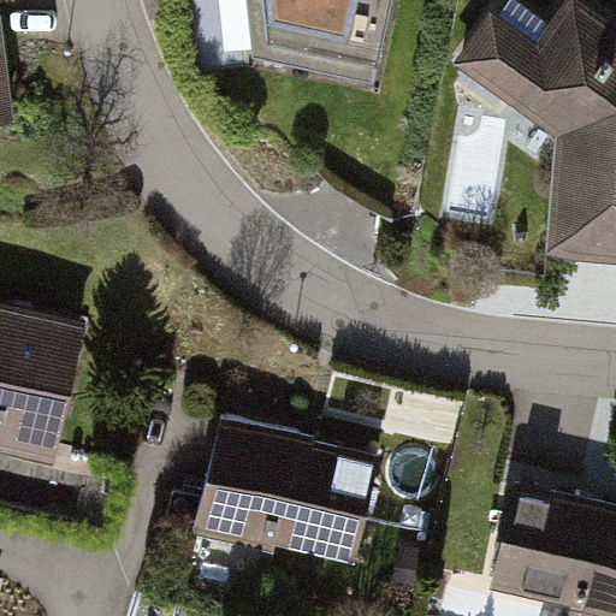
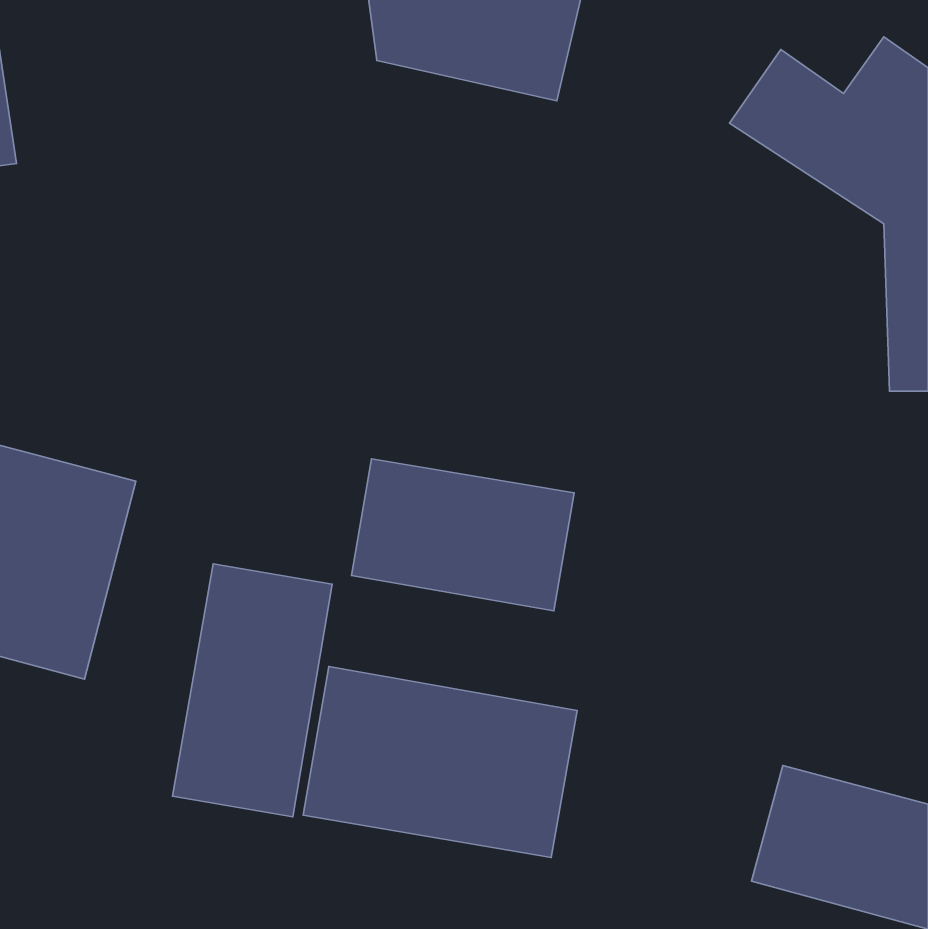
building: none -> [352,459,574,611]
building: none -> [173,564,332,817]

